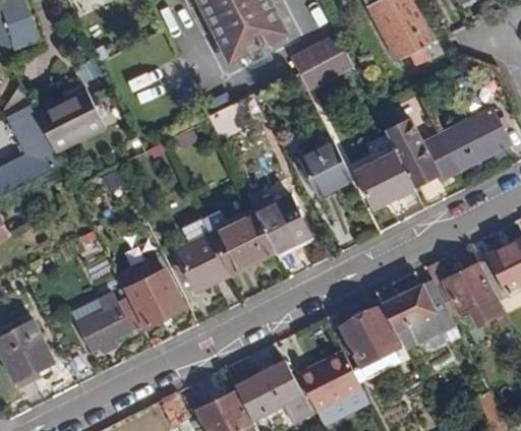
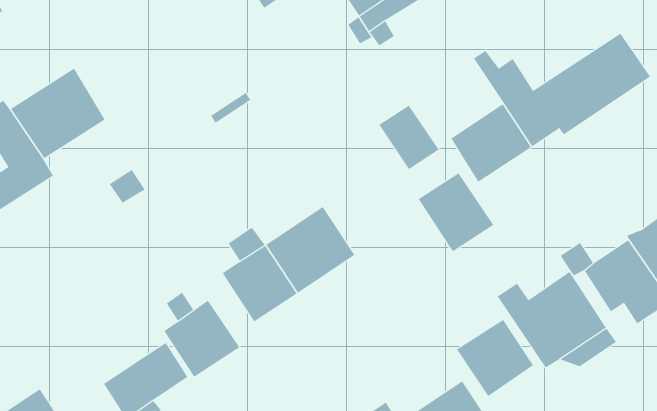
building: [255,194,309,252] -> [418,172,494,252]

